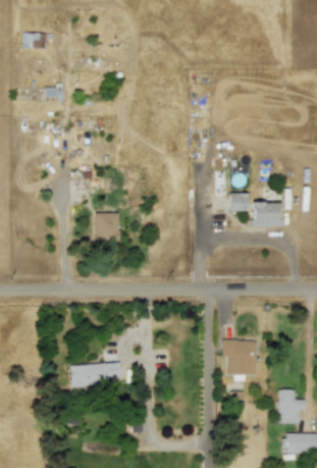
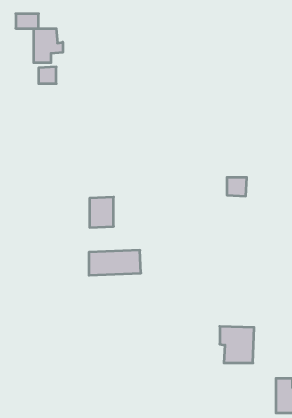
building: none -> [34,29,63,63]
building: [253,202,280,226] -> none
building: [71,362,122,386] -> [89,250,141,275]

